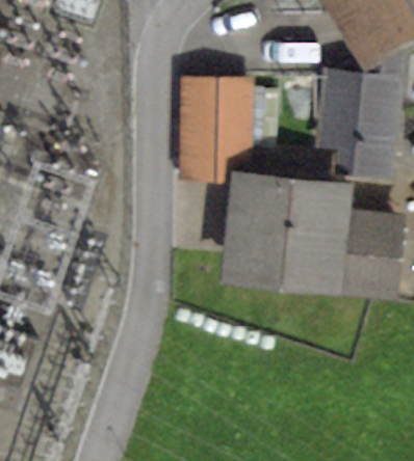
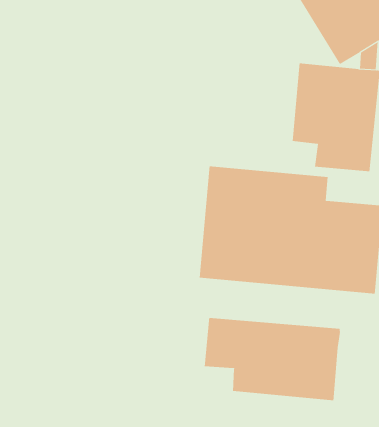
building: [177,75,253,180] -> none
building: none -> [204,317,340,401]

